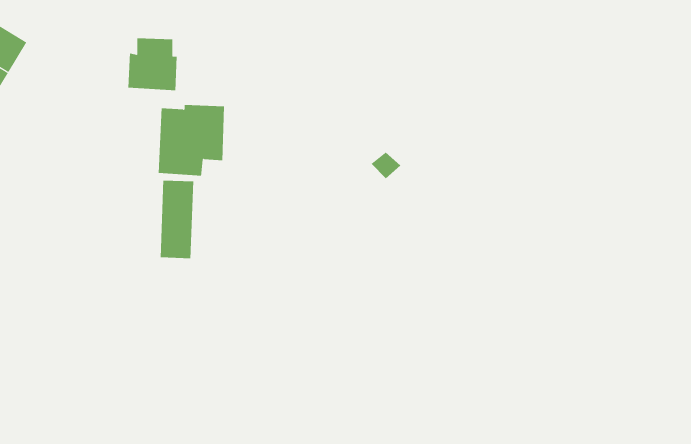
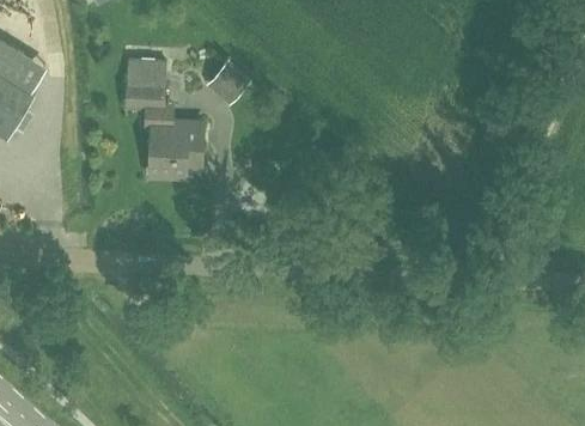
building: [160,180,194,259] -> none

